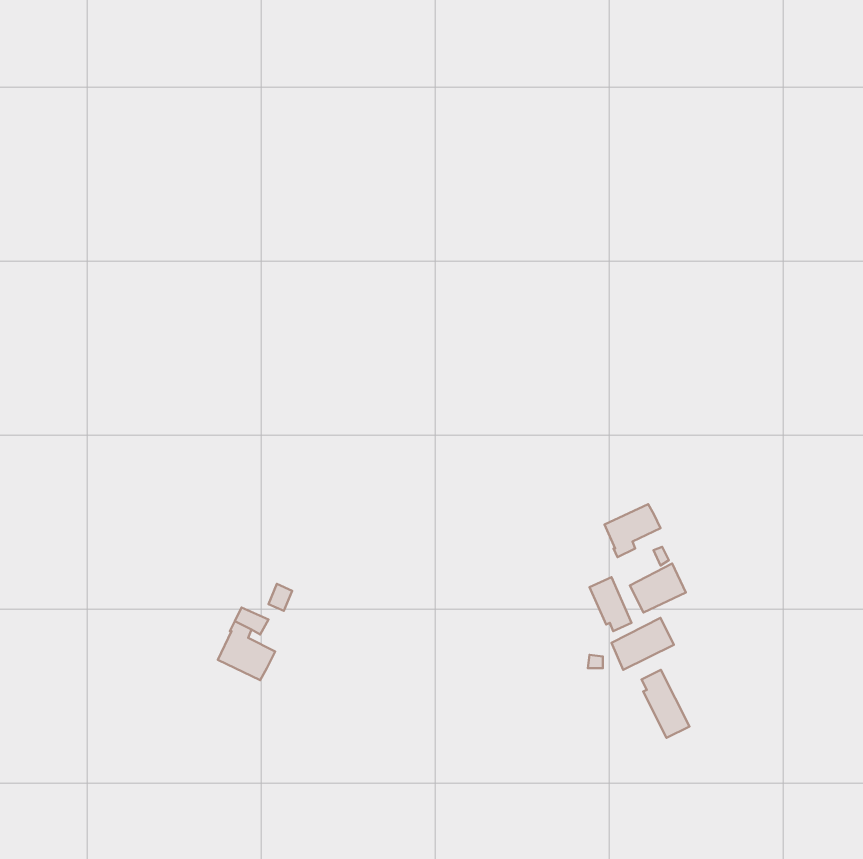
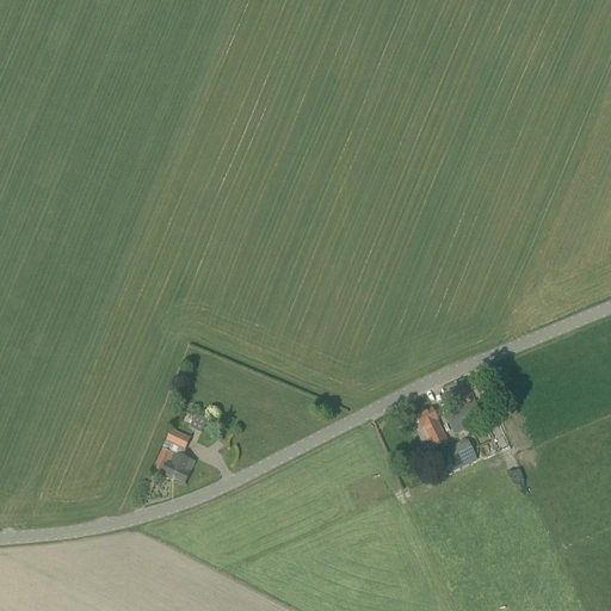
building: [604,504,660,557] -> none
building: [641,670,690,738] -> none

